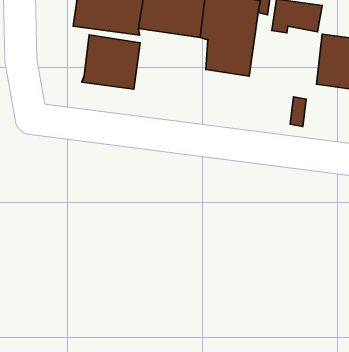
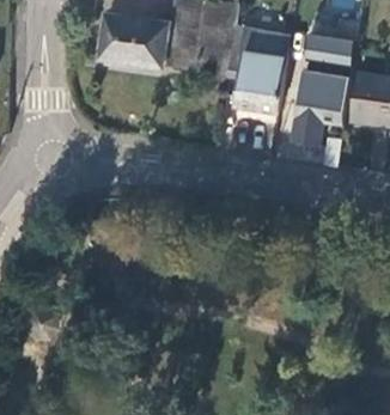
building: none -> [287,68,348,149]
building: [82,35,140,89] -> none

